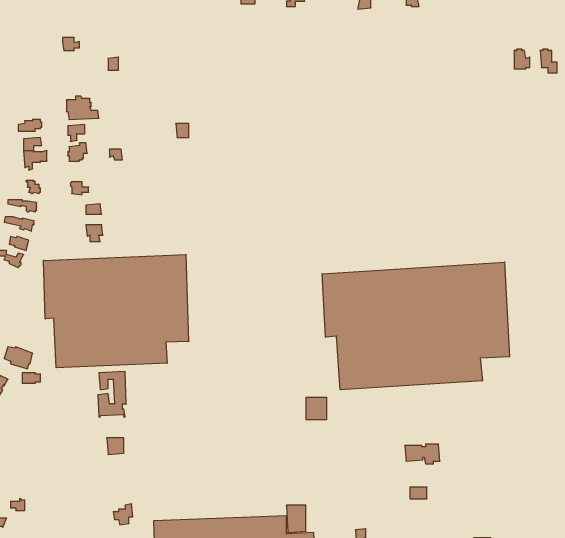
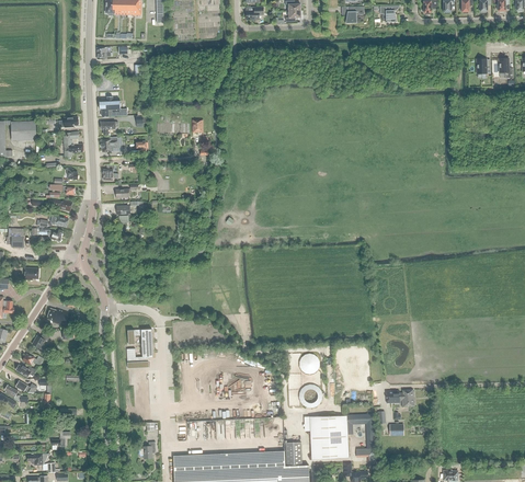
building: [43,254,189,368] -> none
building: [322,262,510,390] -> none
building: none -> [309,414,375,461]

